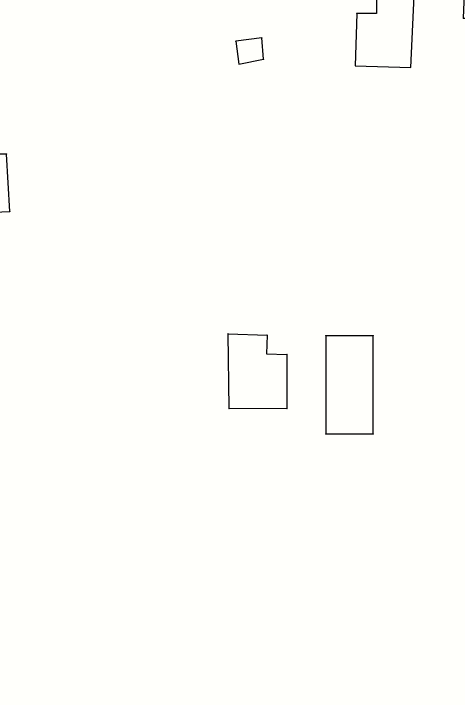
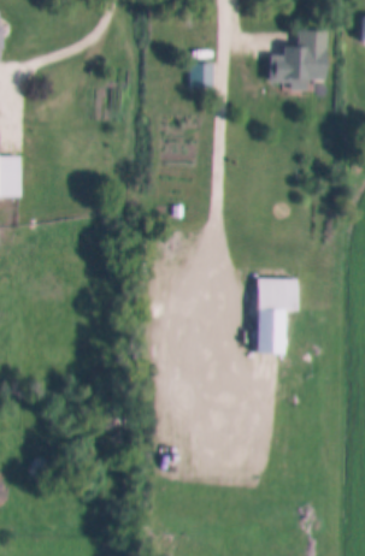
building: [228,334,287,409] -> none

